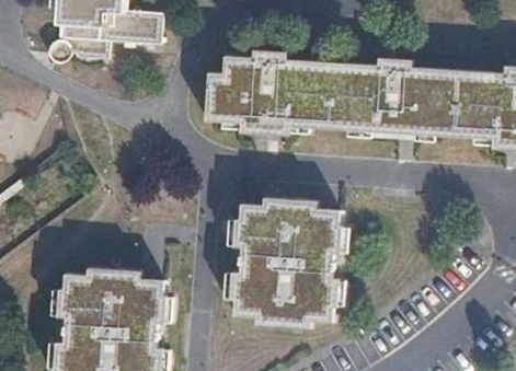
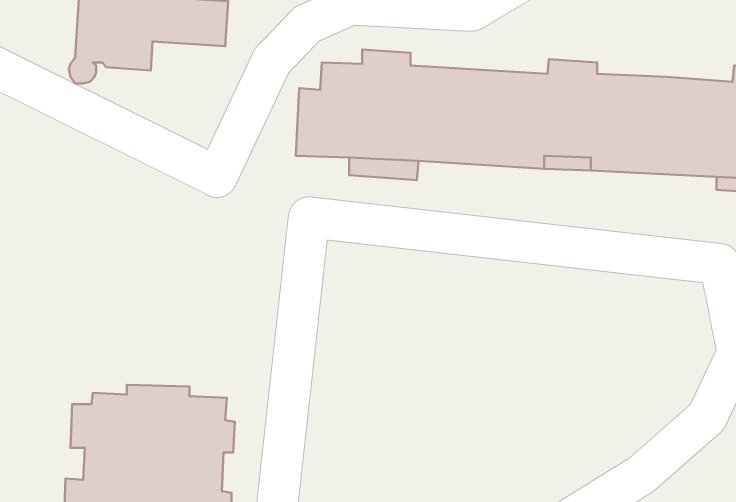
building: [227,198,346,329] -> none

